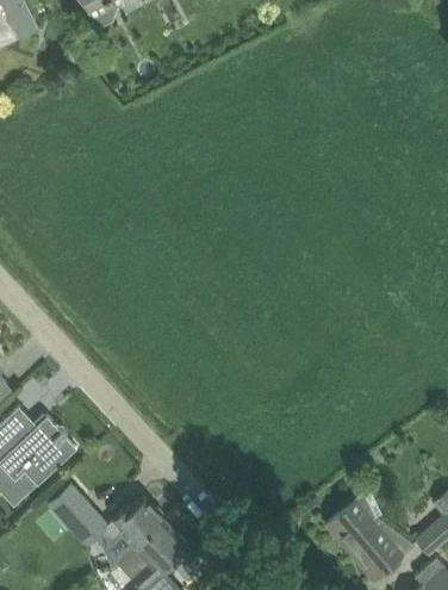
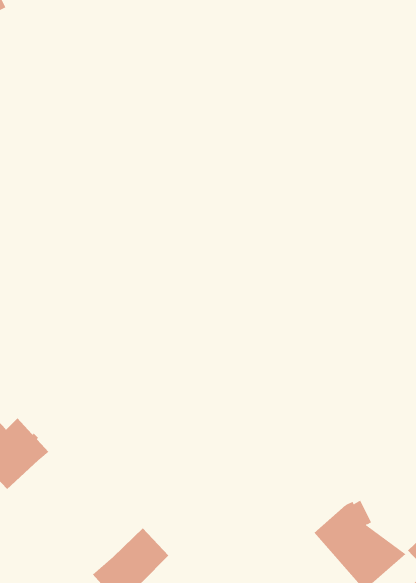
building: [50,486,166,547] -> none

